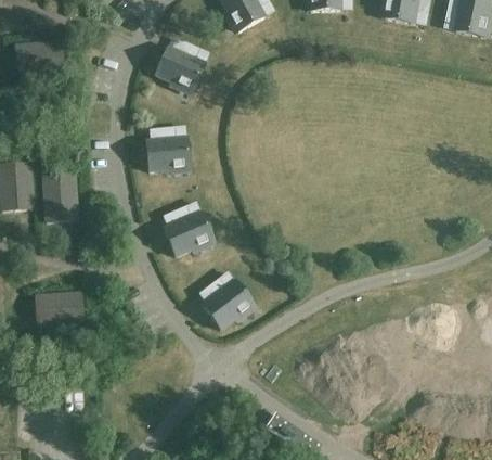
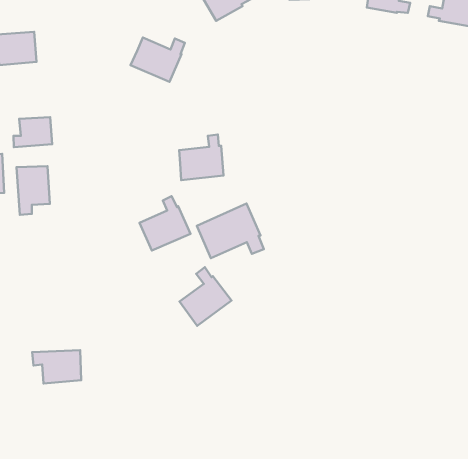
building: none -> [13,117,52,147]
building: [146,126,190,170] -> [179,135,223,180]
building: none -> [197,203,264,258]
building: [35,292,82,324] -> [32,350,81,383]

